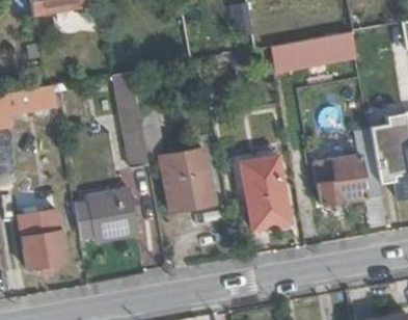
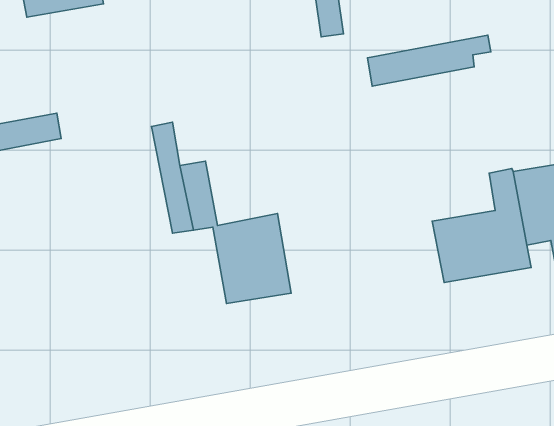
building: [239,154,289,229] -> none
building: [76,191,140,242] -> none
building: [21,213,66,268] -> none

